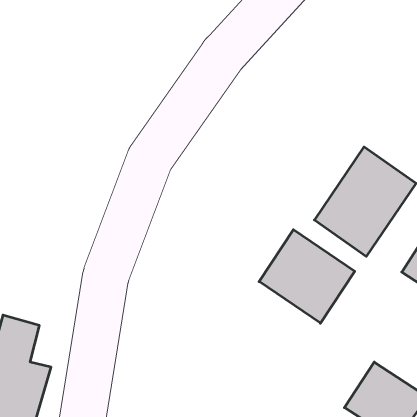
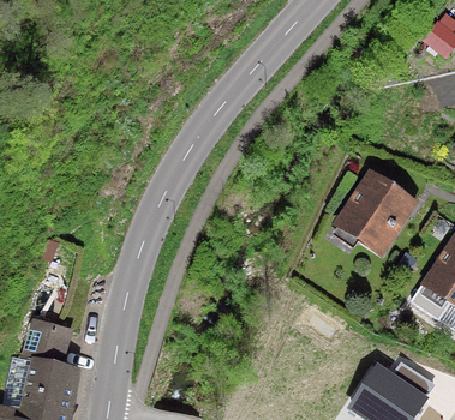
building: [259,230,355,323] -> none

